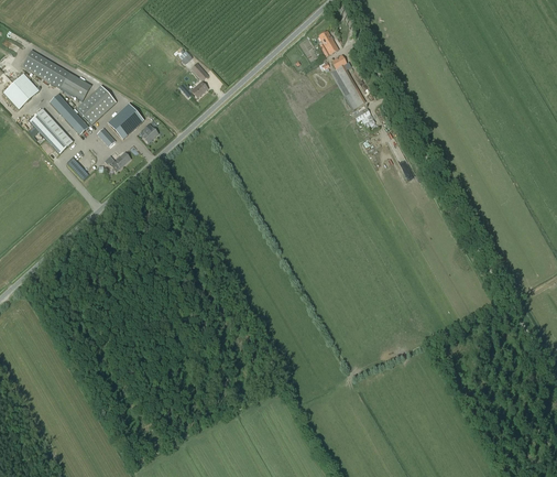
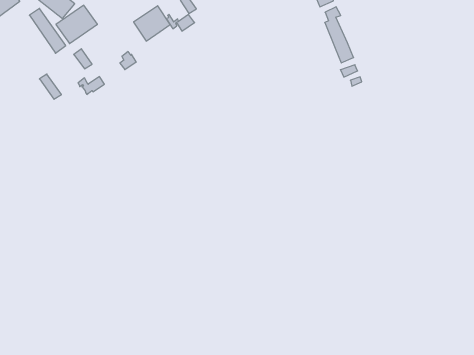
building: [108,102,143,138] -> [134,6,170,41]
building: [30,108,73,153] -> none

